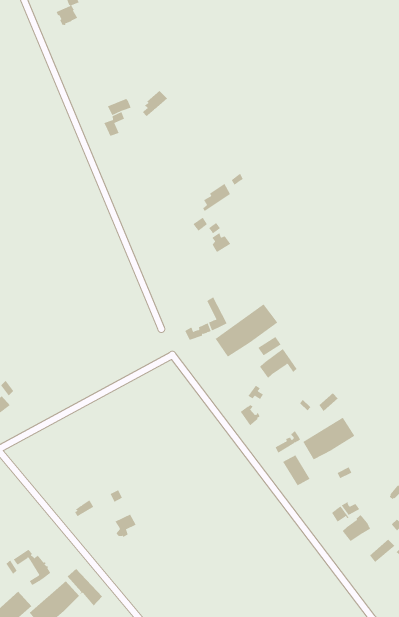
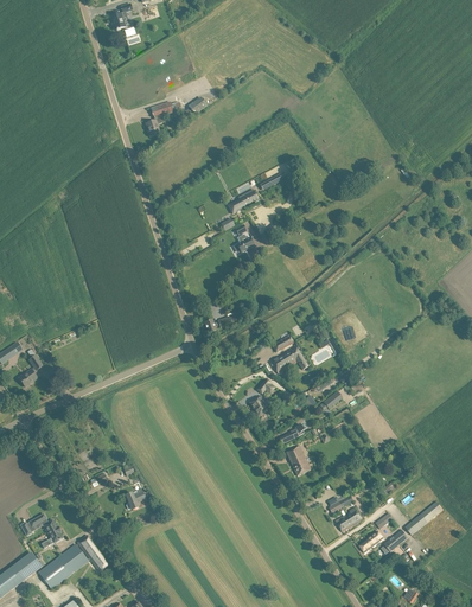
building: [215,304,278,357] -> none
building: [303,417,355,460] -> none

